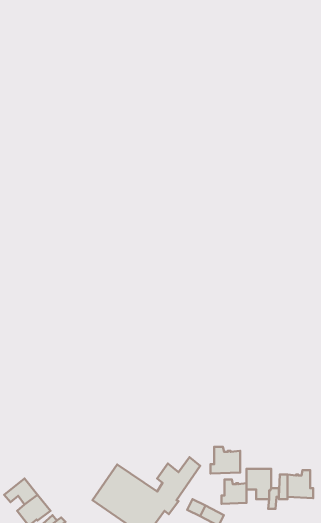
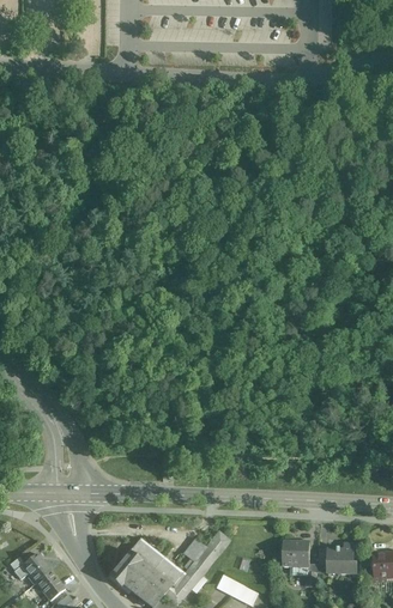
building: [210,447,240,474] -> none
building: [222,480,246,504] -> none

